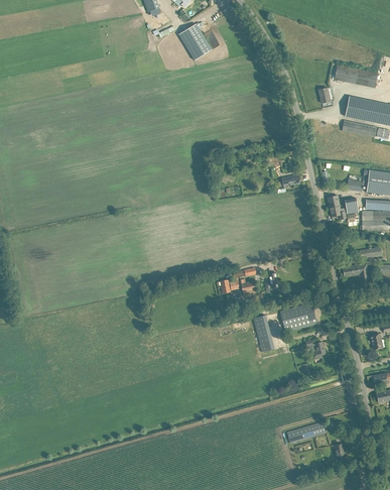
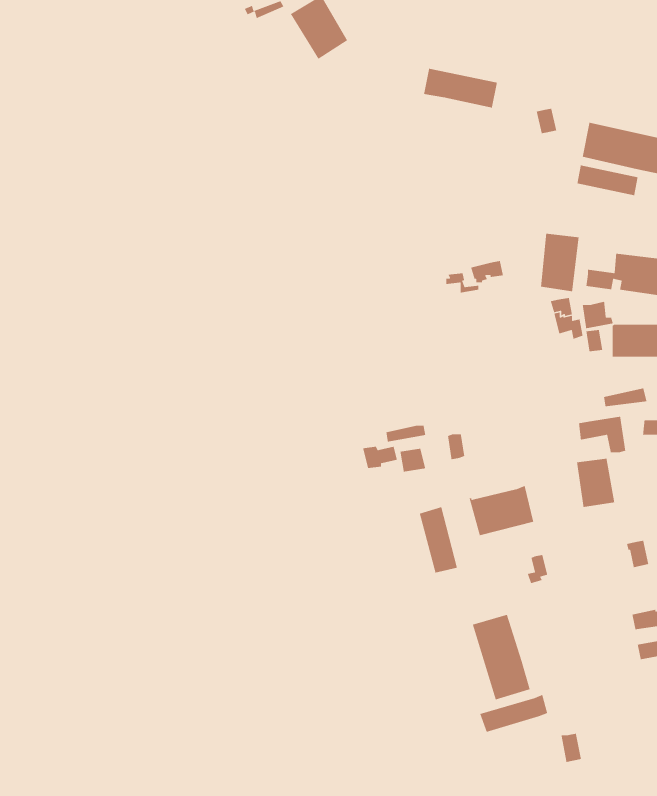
building: [335,64,377,87] -> [423,68,498,109]
building: none -> [540,233,579,292]
building: none -> [576,458,615,508]
building: none -> [472,614,531,700]

